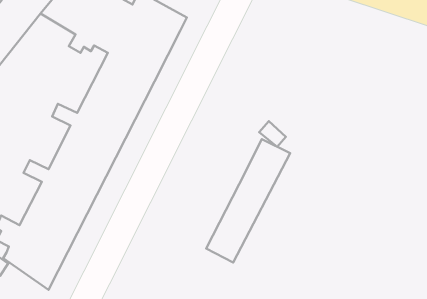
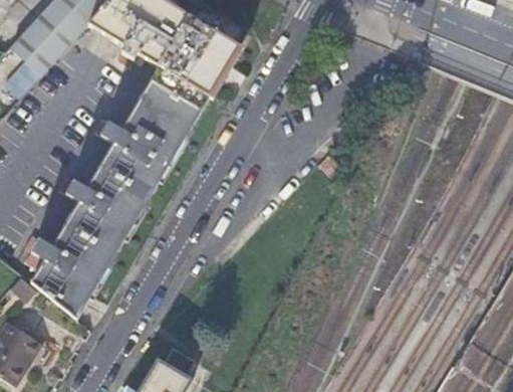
building: [206,139,290,262] -> none

